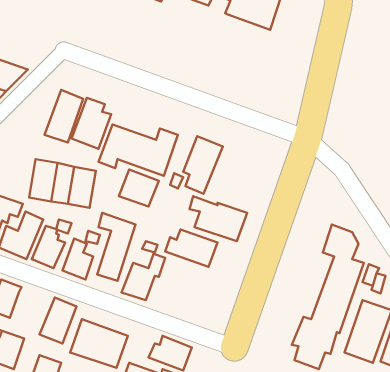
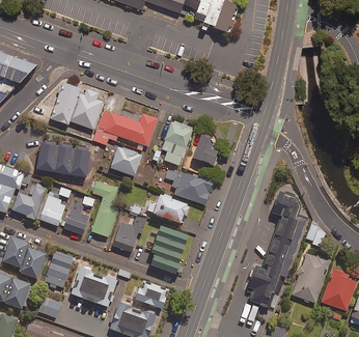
building: none -> [191,135,217,166]
building: none -> [145,224,186,273]
building: none -> [19,246,47,278]

